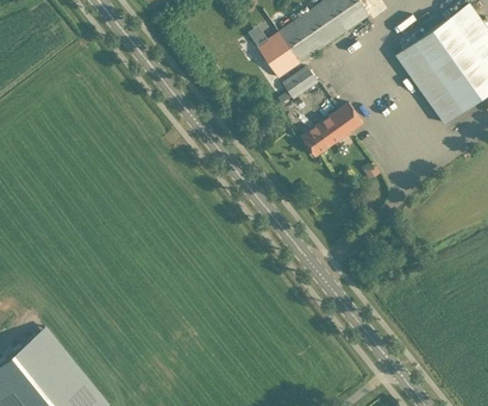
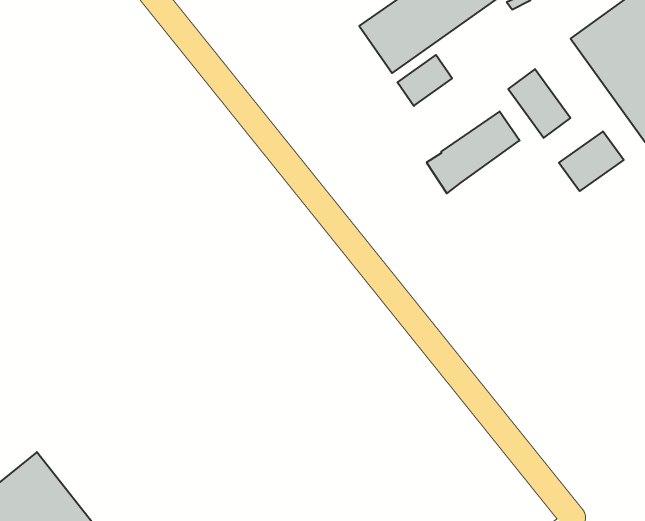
building: none -> [508,69,570,138]
building: none -> [559,131,624,191]

